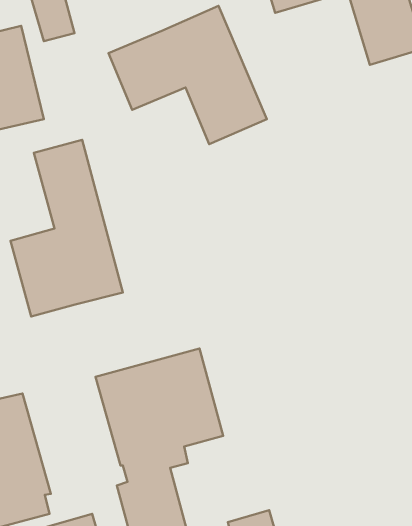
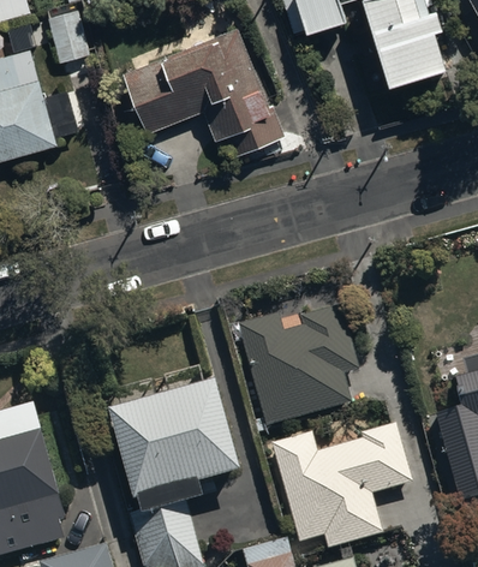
building: [10,140,123,317] -> none
building: none -> [238,303,358,426]
building: none -> [271,423,411,548]

